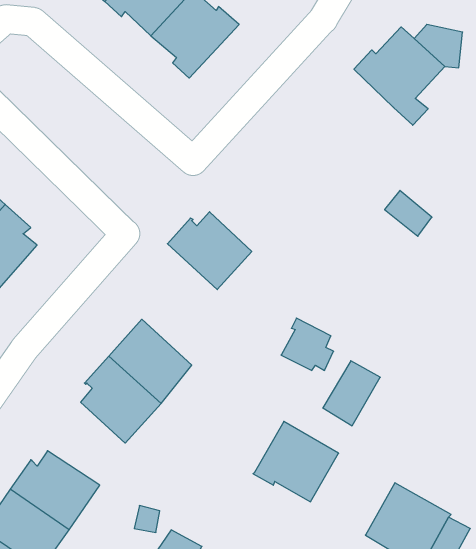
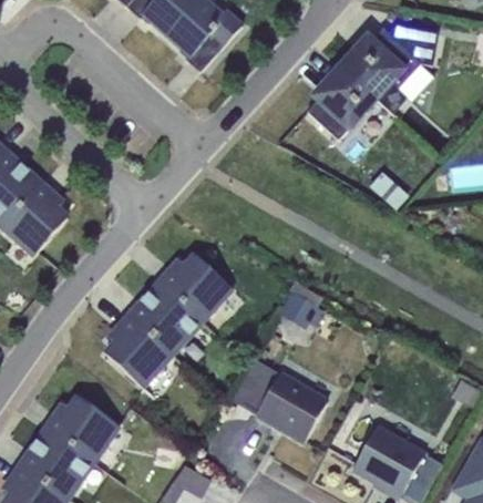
building: none -> [307,64,377,140]
building: [167,212,252,290] -> [158,254,232,321]
building: [323,361,380,426] -> [230,358,280,414]

